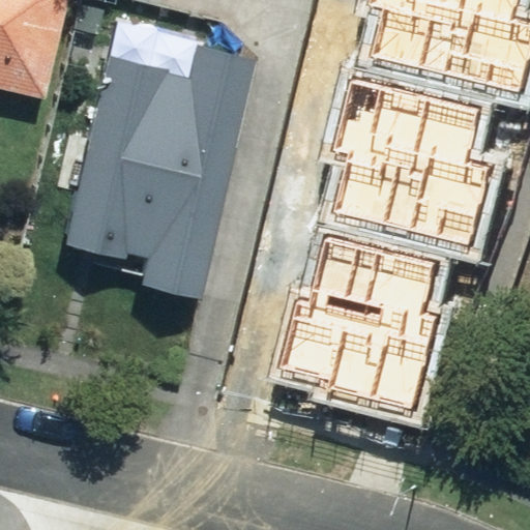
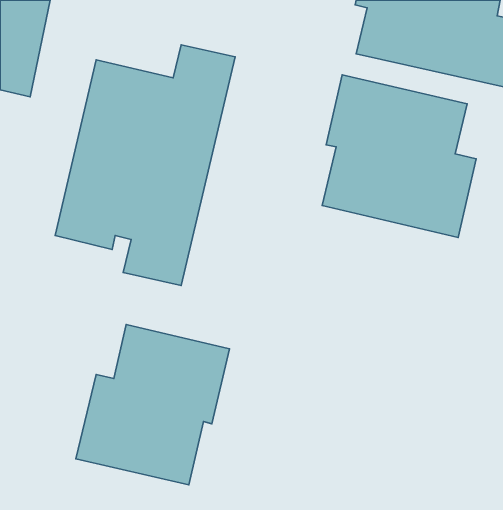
building: [289,235,447,412] -> none
building: none -> [76,325,230,485]

